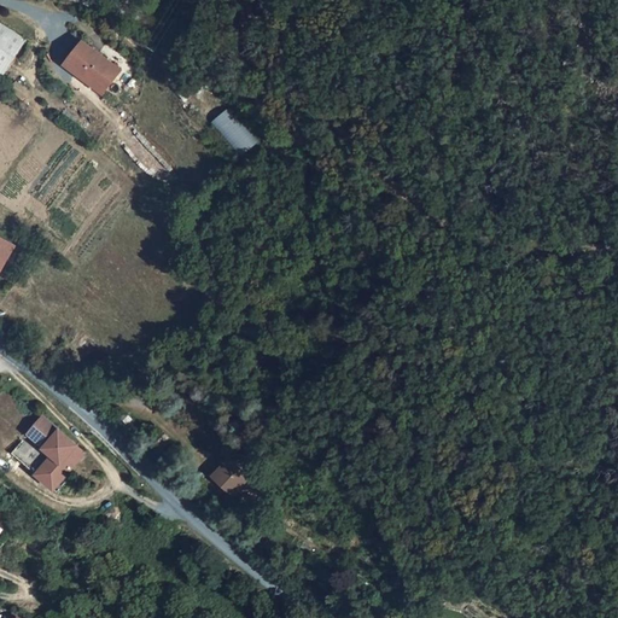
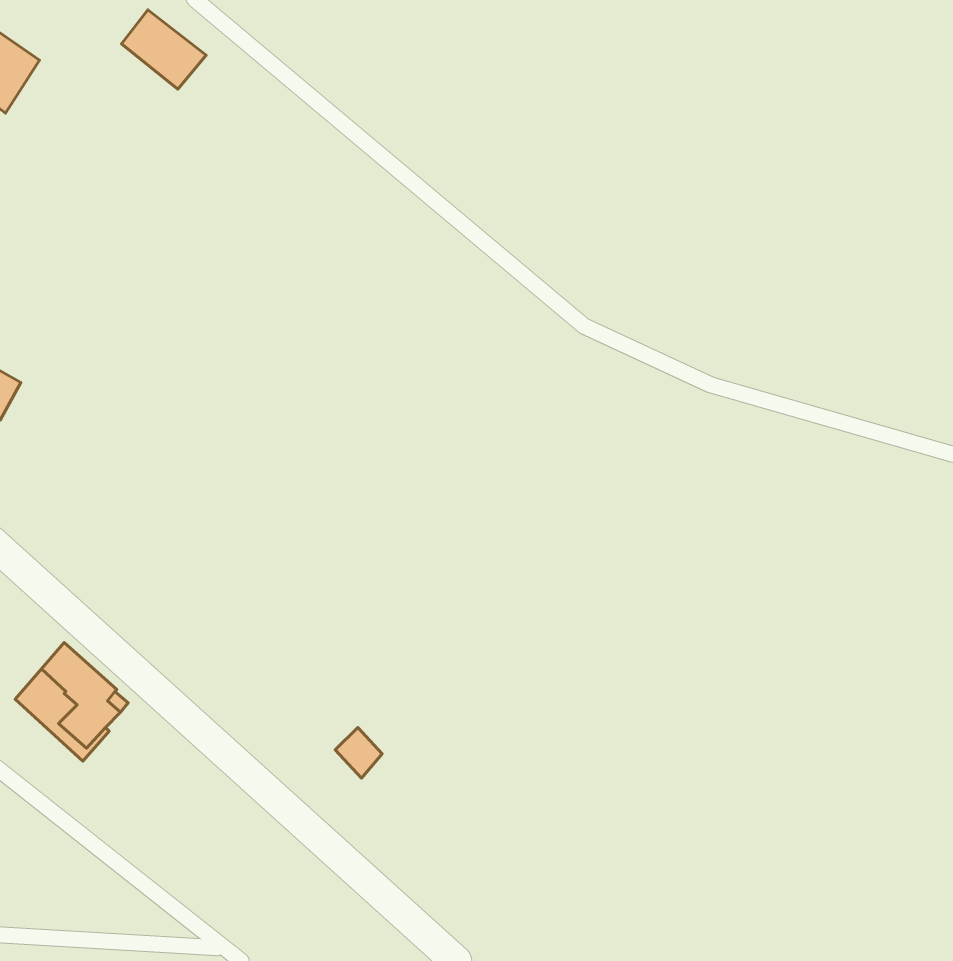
building: [65,42,119,93] -> [121,10,206,89]
building: [205,106,252,157] -> none

